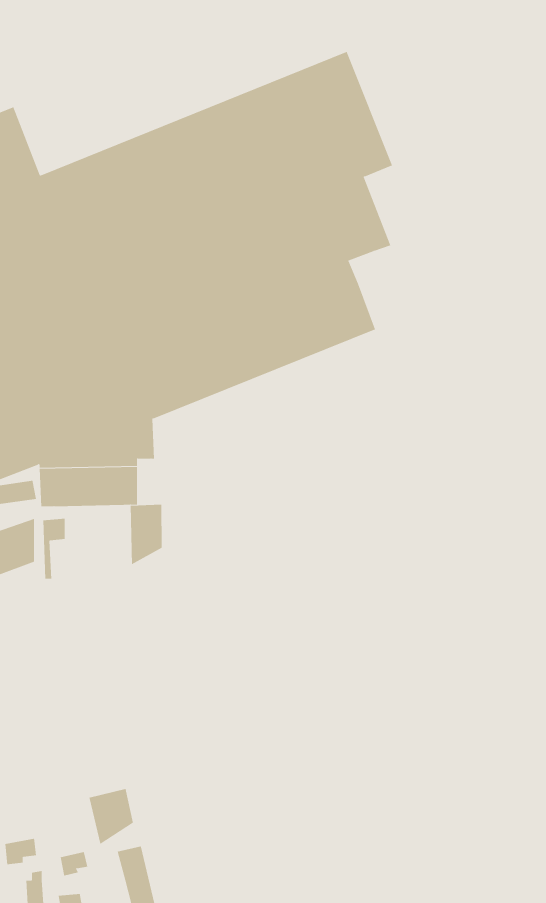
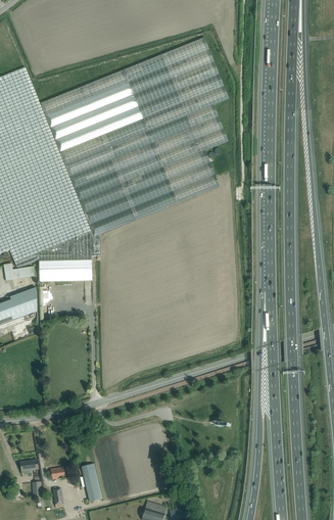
building: [130,504,162,565] -> none
building: [89,788,134,845] -> none

